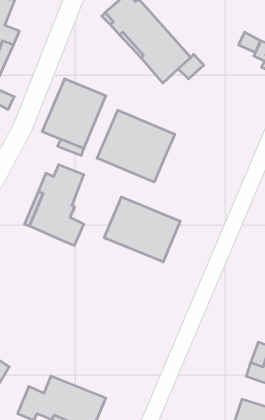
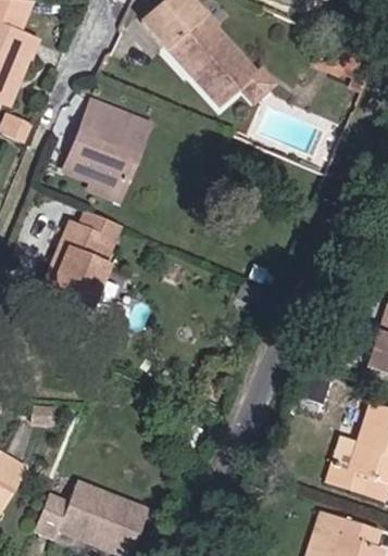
building: [97,110,175,182] -> none
building: [104,197,180,262] -> none

